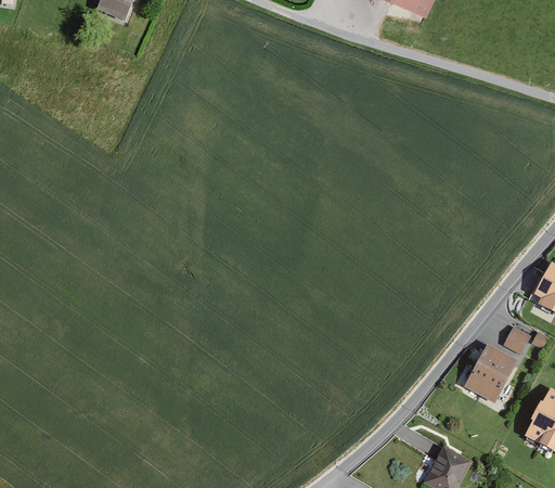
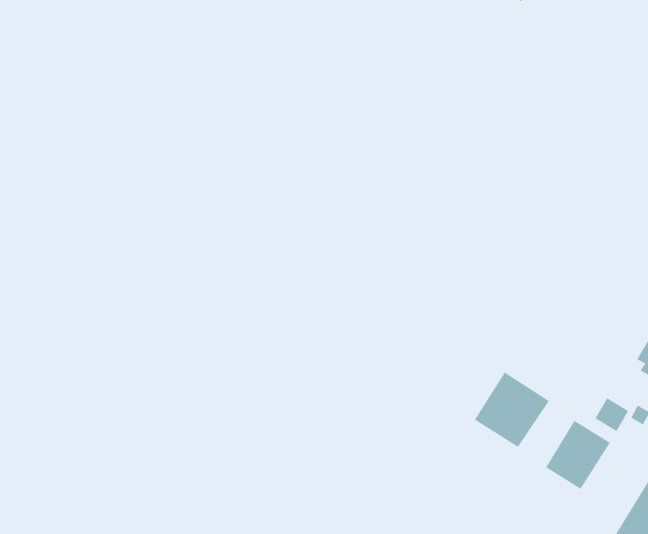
building: none -> [474,371,550,448]

